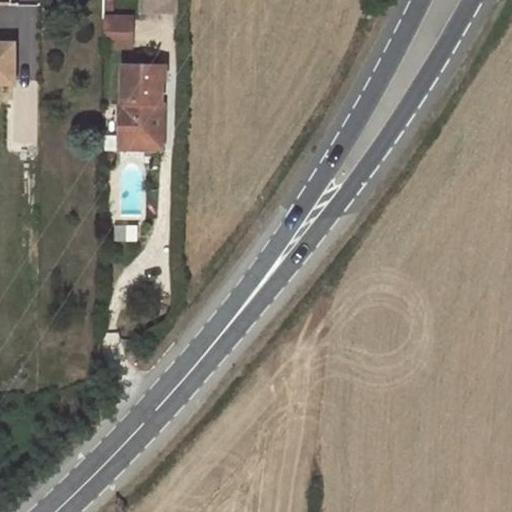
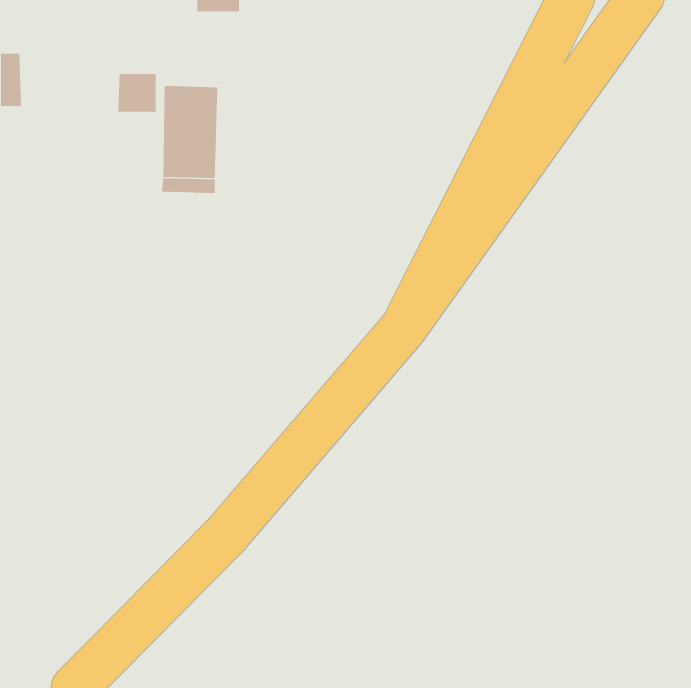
building: [102,15,131,44] -> [117,73,157,113]

